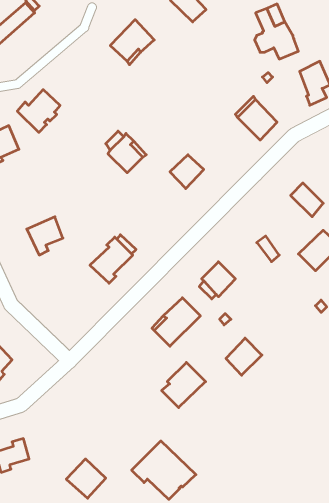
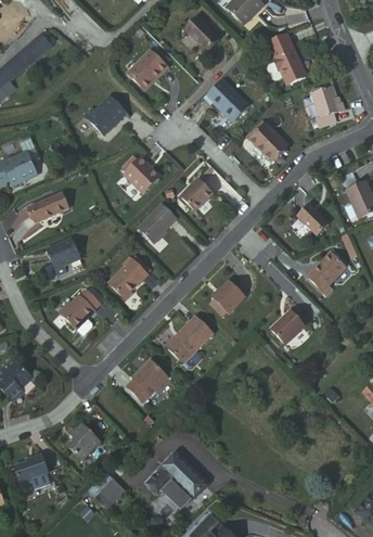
building: none -> [205,77,249,122]
building: [17,90,60,132] -> [85,94,126,136]
building: none -> [31,192,70,222]
building: none -> [140,202,180,242]
building: none -> [63,289,101,334]
building: [226,338,262,375] -> [271,310,306,346]
building: [162,362,206,408] -> [126,358,168,401]
building: none -> [66,421,99,458]

